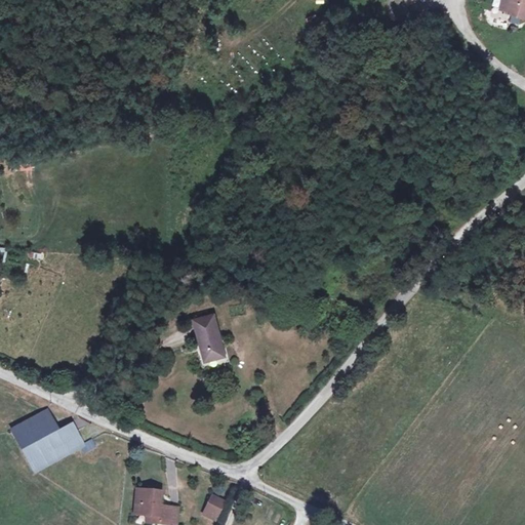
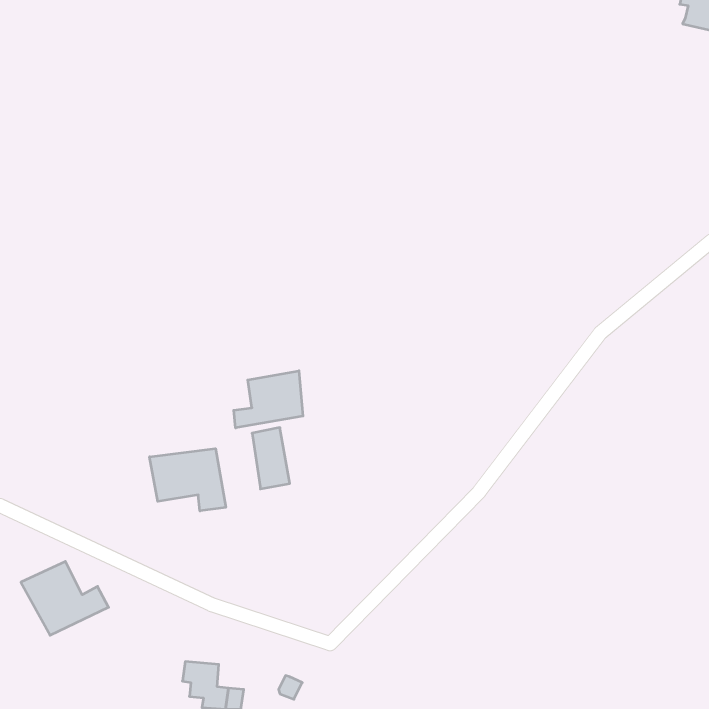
building: none -> [234,371,303,428]
building: none -> [150,449,226,511]

